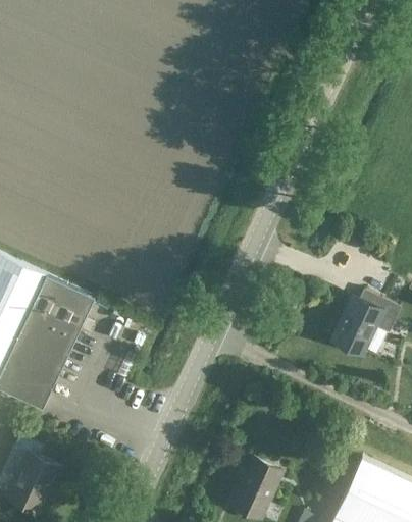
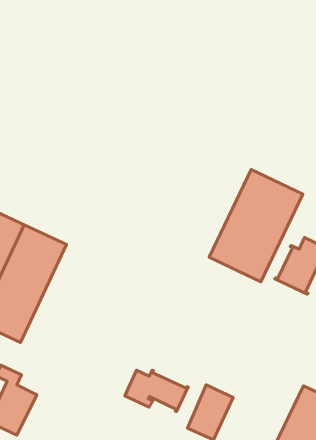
building: none -> [209,169,303,282]
building: none -> [125,370,188,411]

